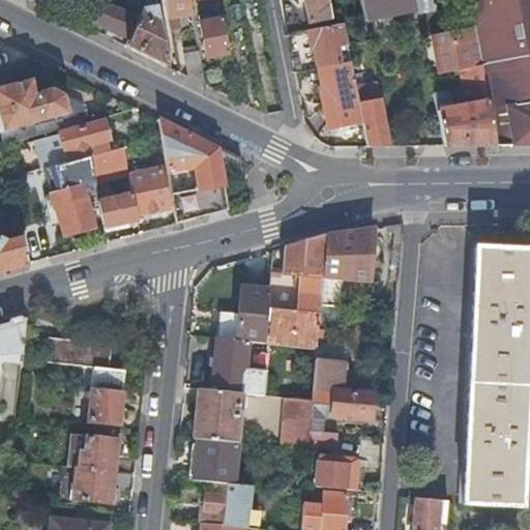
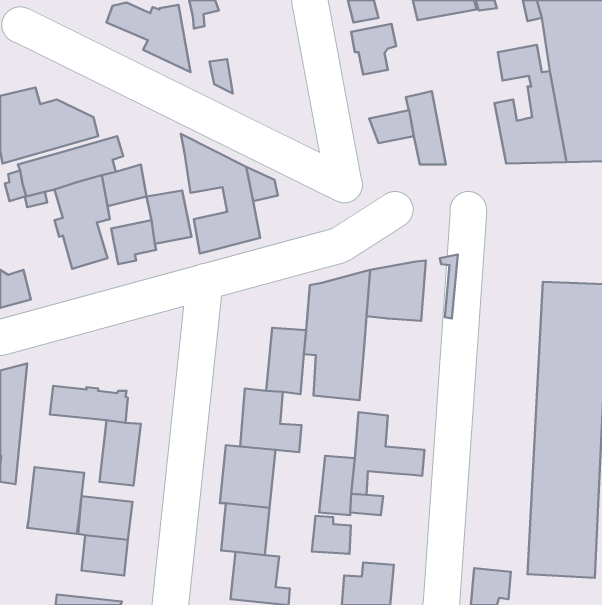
building: [201,13,229,56] -> none
building: [320,61,360,104] -> none
building: none -> [27,467,84,534]
building: [316,455,350,489] -> [312,516,351,554]

